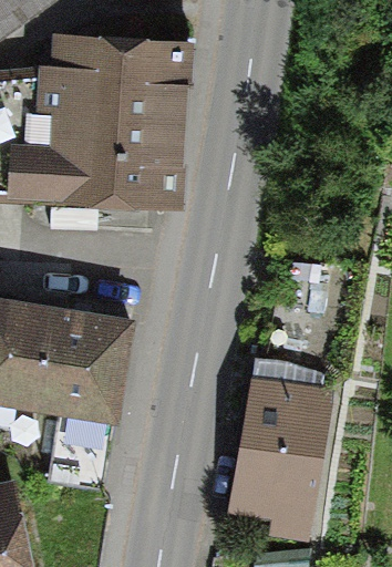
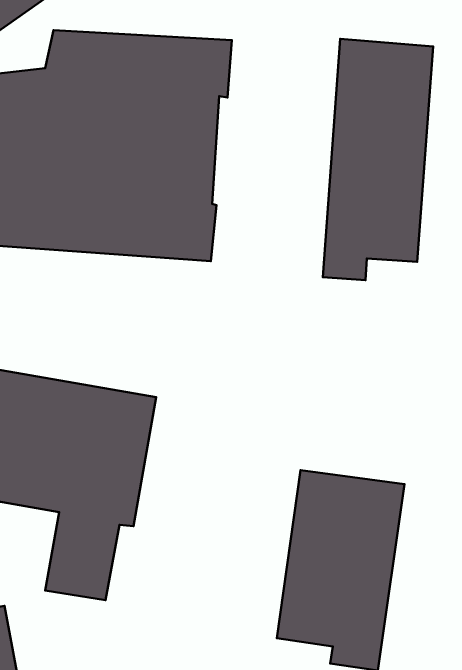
building: none -> [323,39,433,280]

